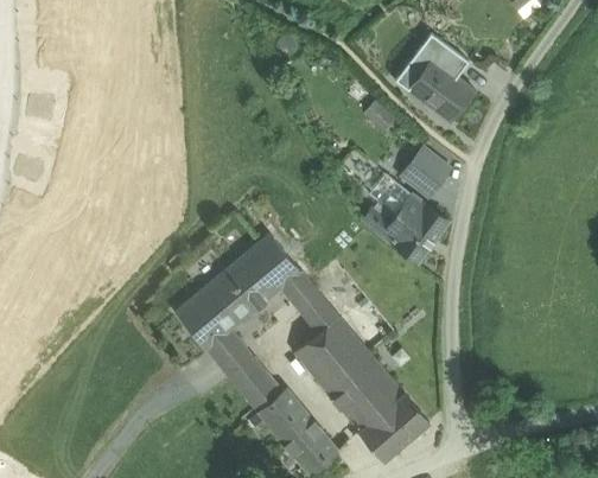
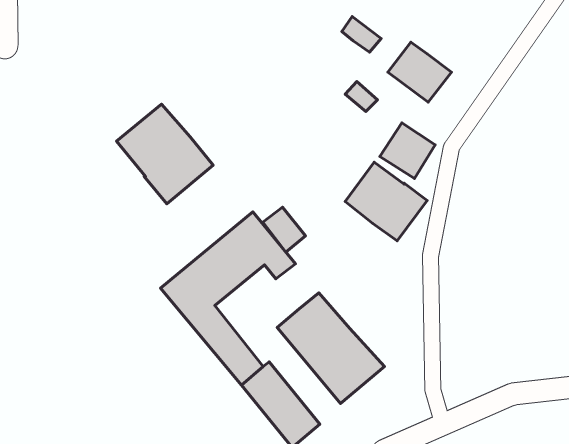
building: [420,34,460,71] -> [342,16,381,52]
building: none -> [117,104,213,204]
building: [293,287,337,333] -> [263,207,306,252]
building: [358,393,428,461] -> none

